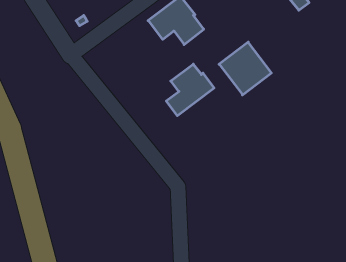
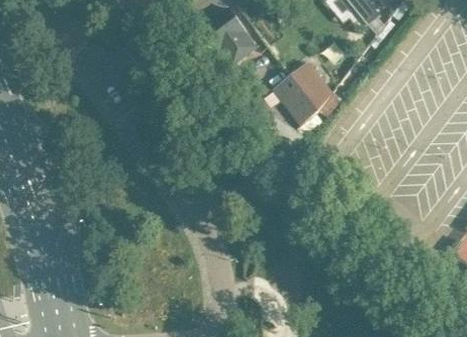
building: [166,64,214,116] -> none

